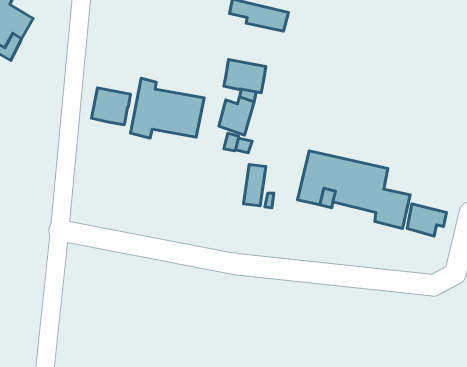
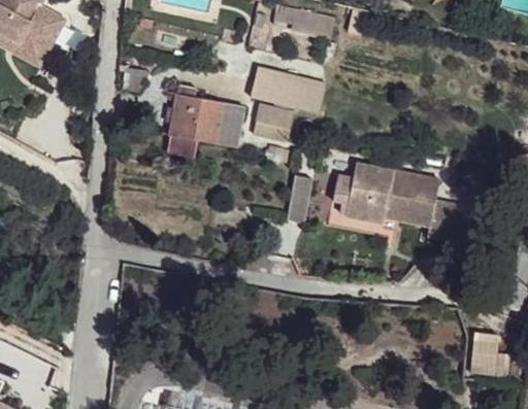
building: [91,88,130,125] -> none
building: [407,204,447,236] -> none
building: none -> [469,332,508,375]

